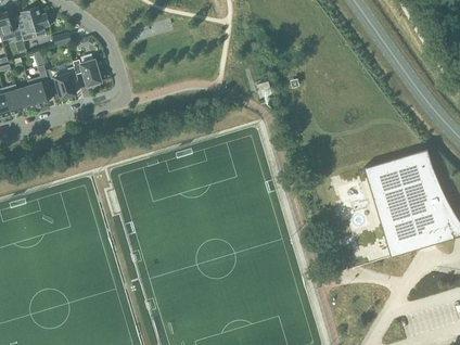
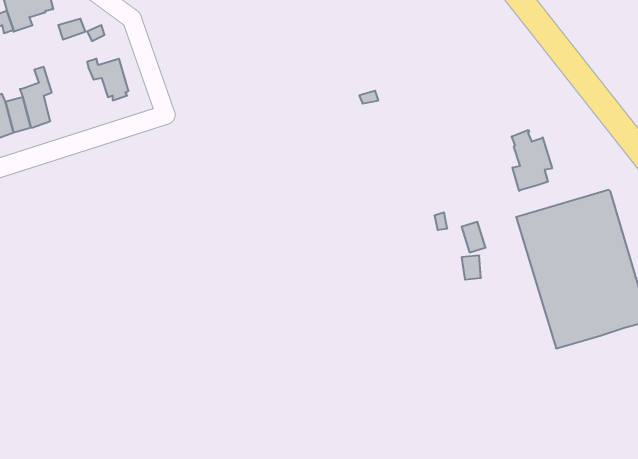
building: [54,66,78,99] -> none
building: none -> [512,130,552,191]

